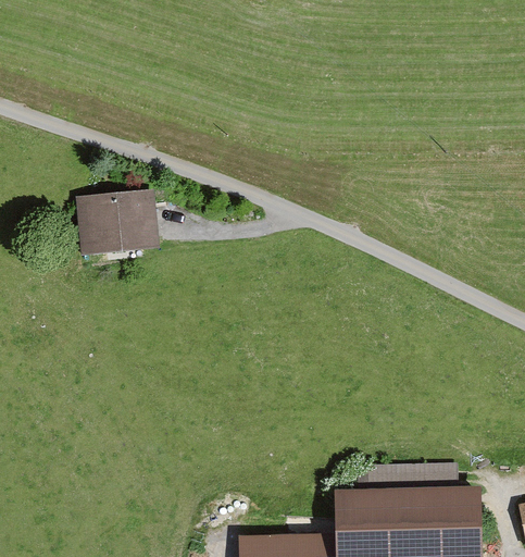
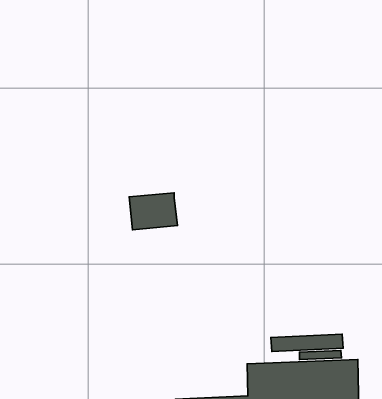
building: [84,196,148,245] -> [129,193,178,230]

